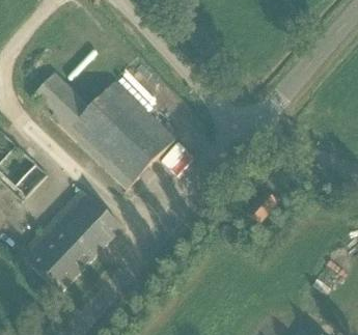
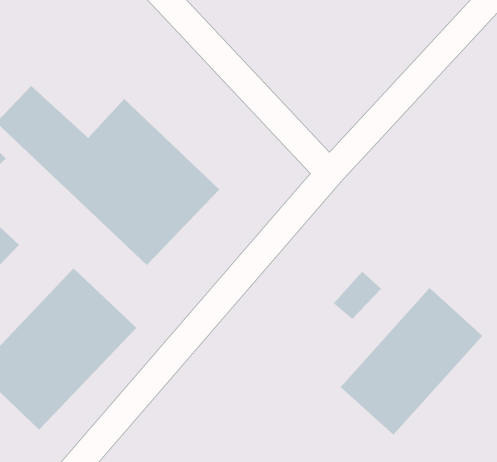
building: none -> [340,287,483,435]

